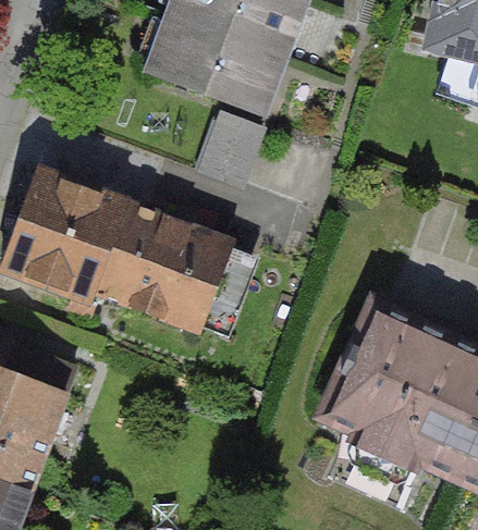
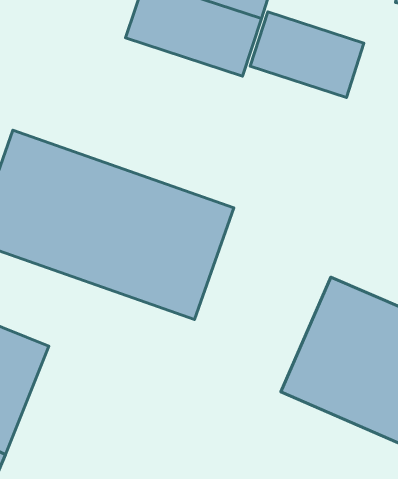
building: none -> [250,12,364,98]

